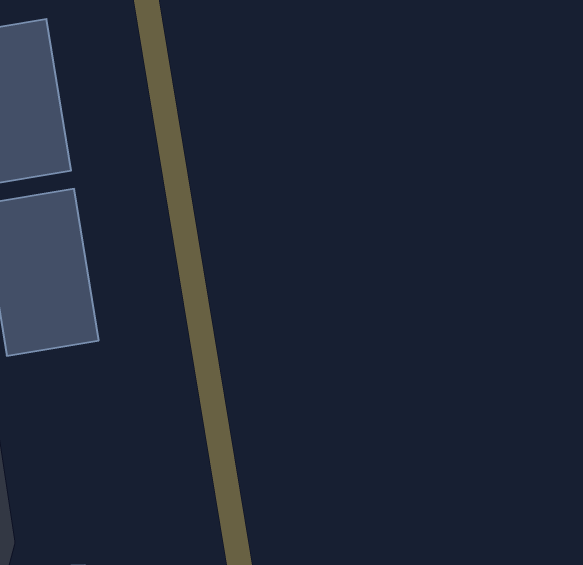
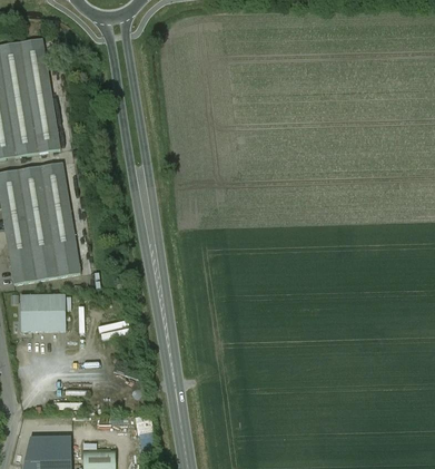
building: none -> [21,294,66,331]

